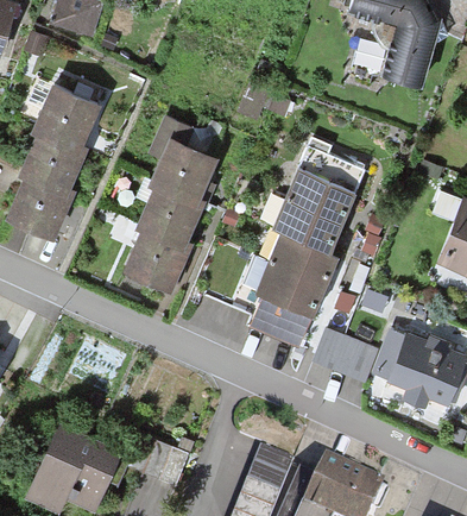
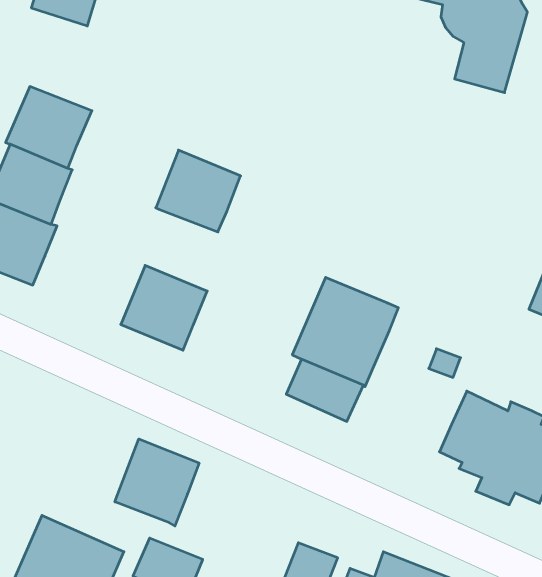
building: [272,138,367,256] -> none
building: [135,182,202,244] -> none
building: [316,328,381,383] -> none
building: none -> [115,439,199,526]

